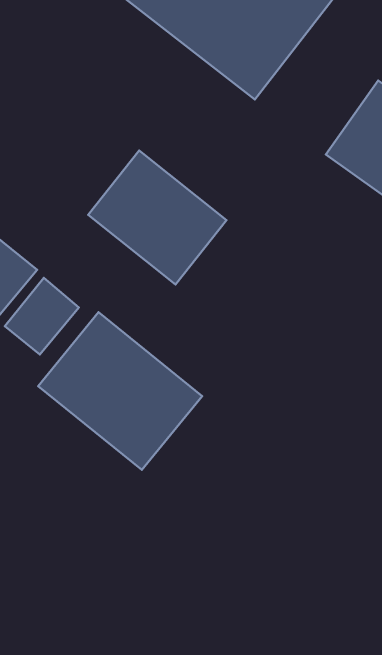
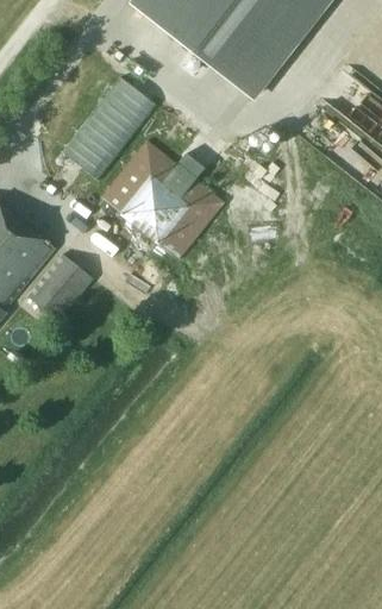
building: none -> [63,77,156,180]
building: [38,312,202,470] -> none

